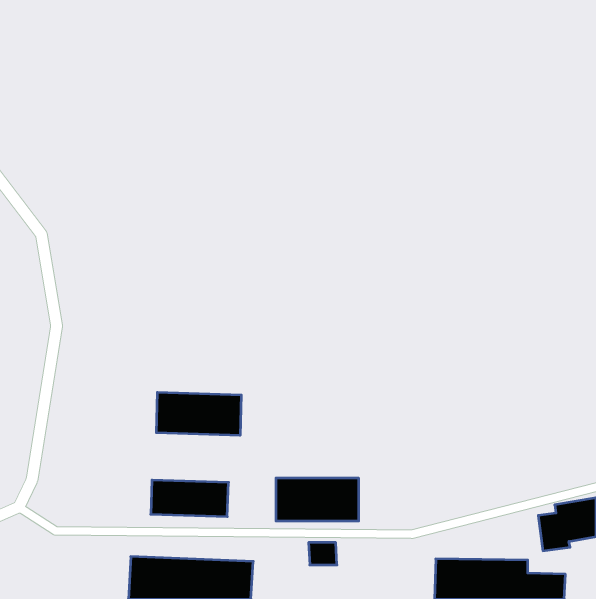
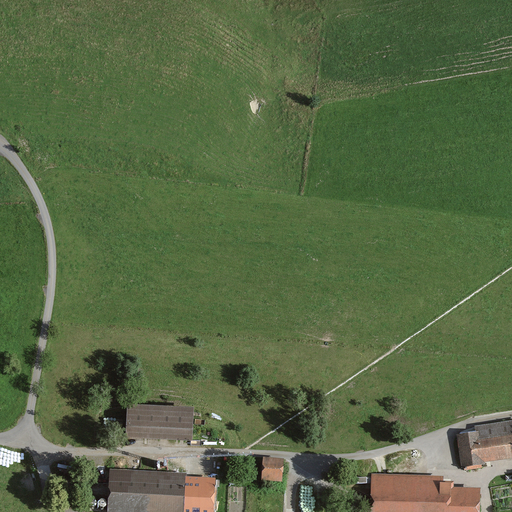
building: [156,392,241,435] -> none
building: [276,478,359,521] -> none

